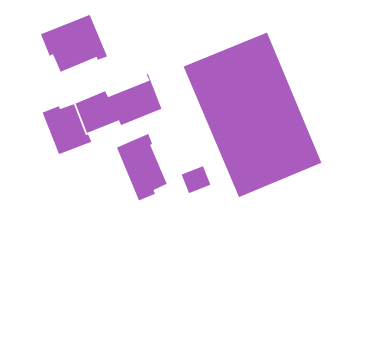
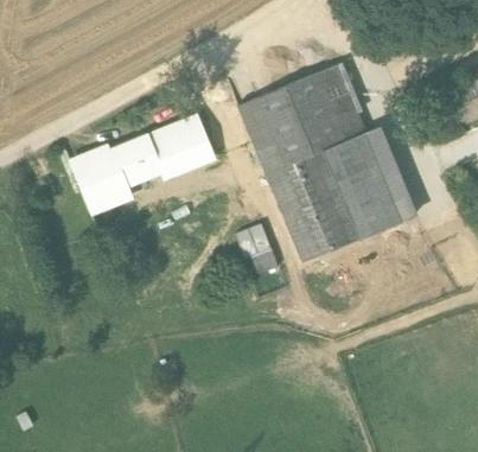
building: [40,14,108,73] -> none
building: [116,133,168,201] -> none

